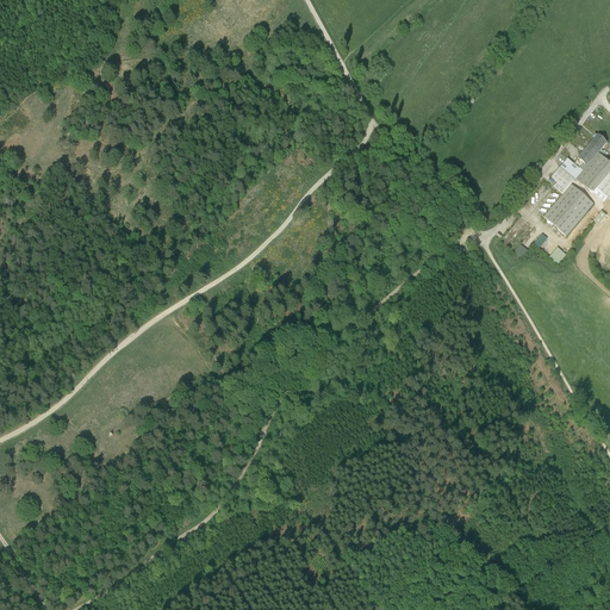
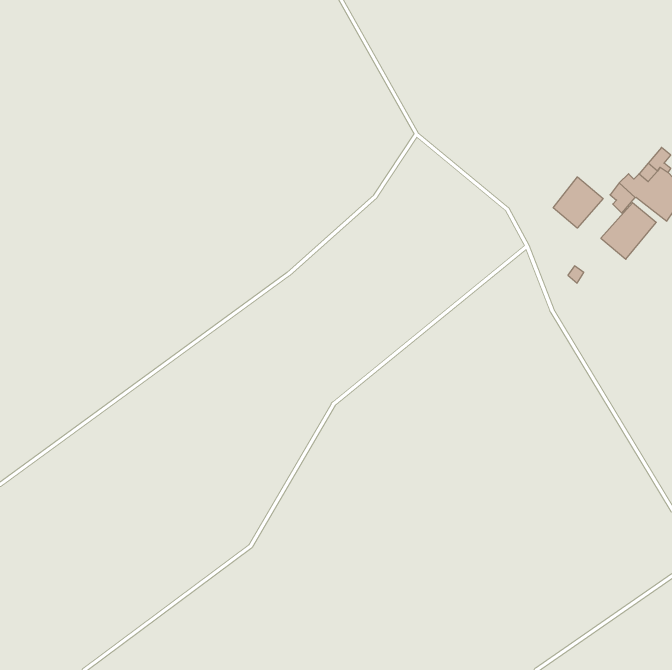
building: none -> [553,177,603,228]

